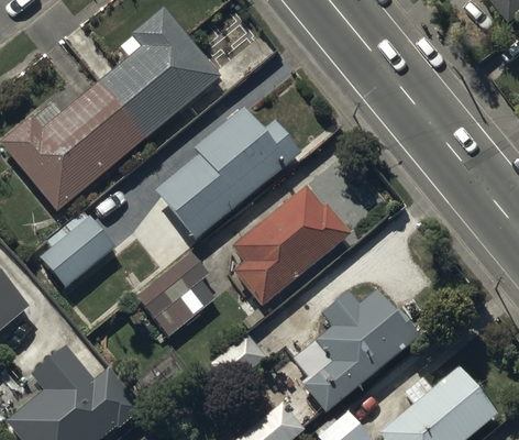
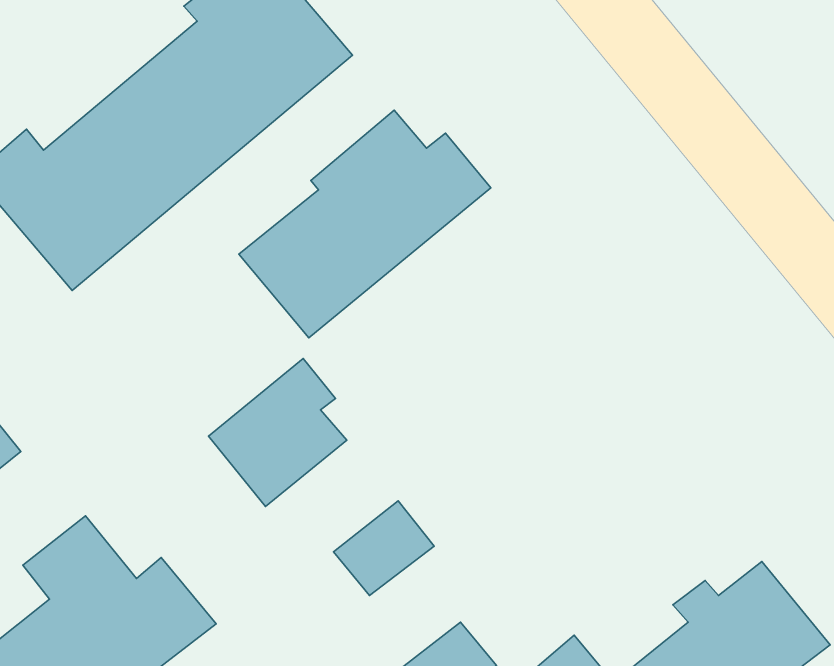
building: [231,177,356,307] -> none
building: [41,210,115,287] -> none
building: [292,289,420,412] -> none

